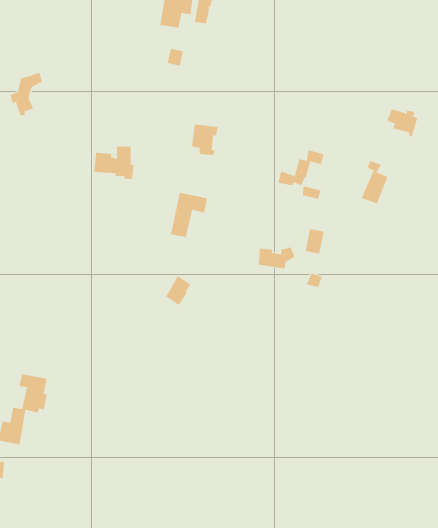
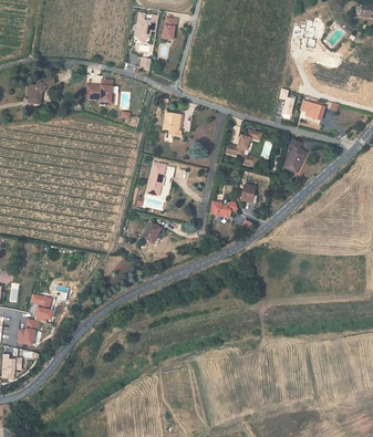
building: [94,146,134,180] -> [82,76,112,101]

